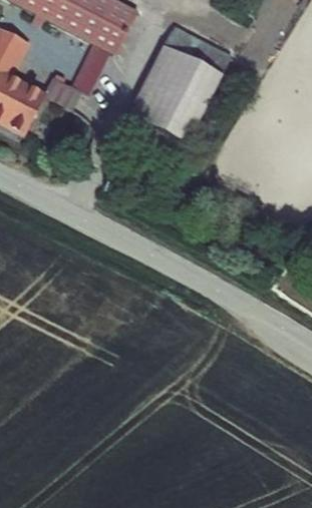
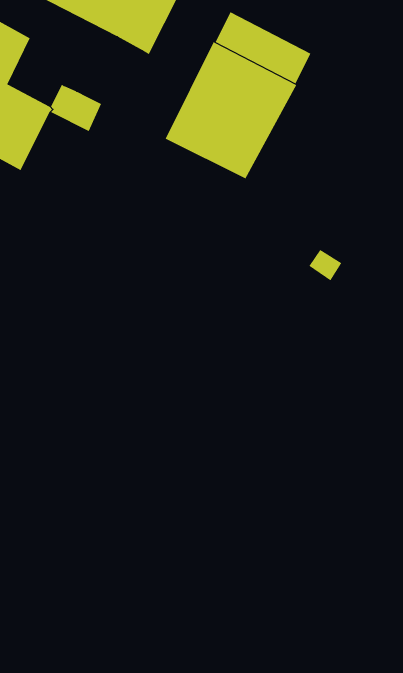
building: [71,42,110,94] -> none

